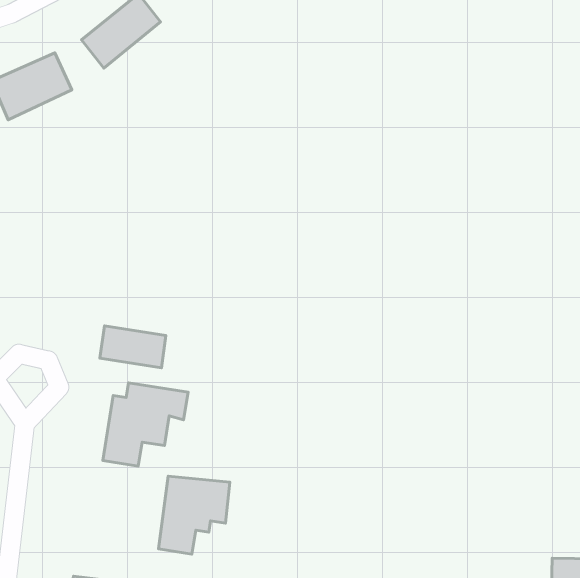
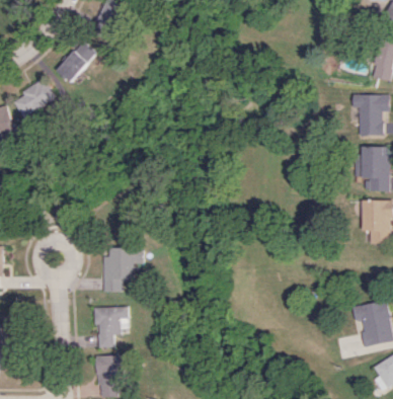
building: [100,326,166,368] -> none
building: [159,476,230,554] -> [95,306,130,347]

